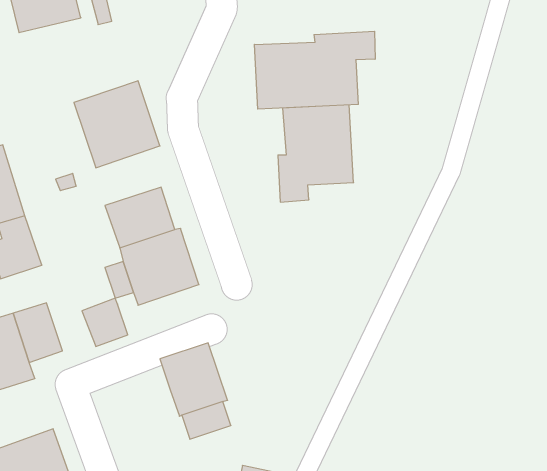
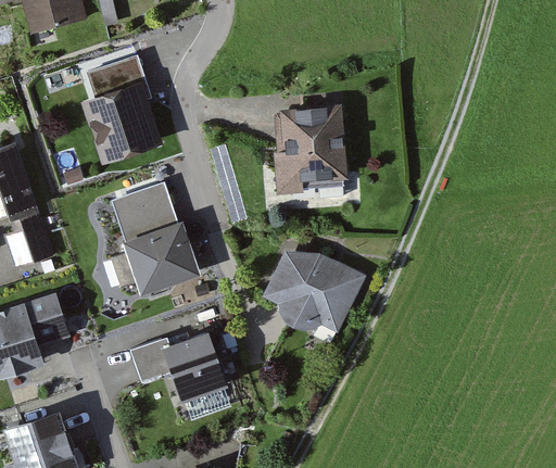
building: [254,31,375,109] -> none
building: none -> [85,55,144,97]
building: none -> [262,250,366,334]
building: [82,298,128,346] -> [128,339,172,384]

